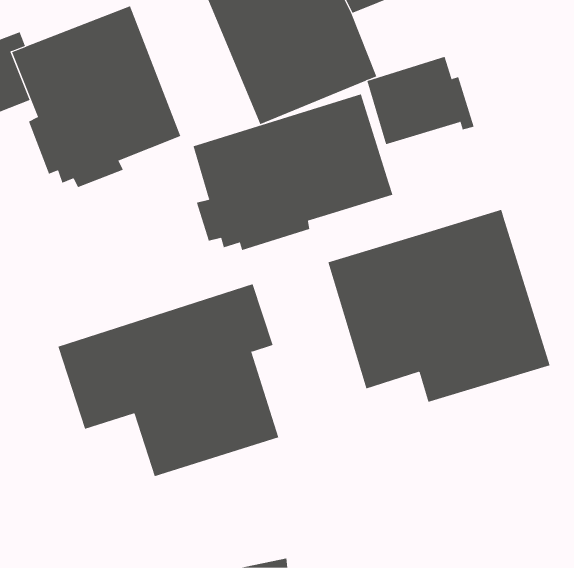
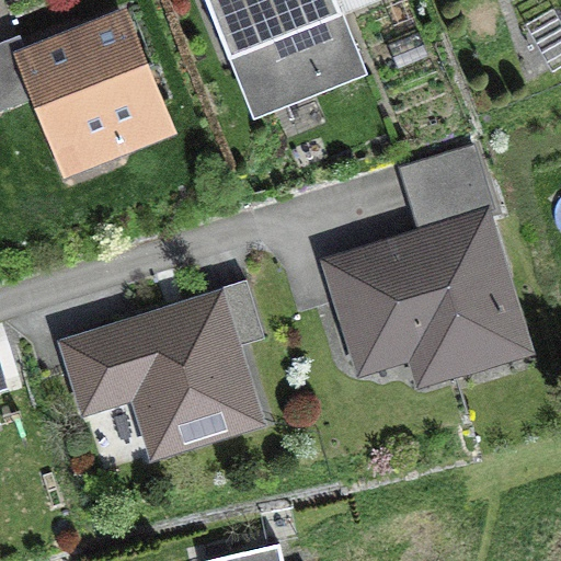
building: [367,56,475,145] -> [398,139,503,226]
building: [193,93,393,251] -> none

